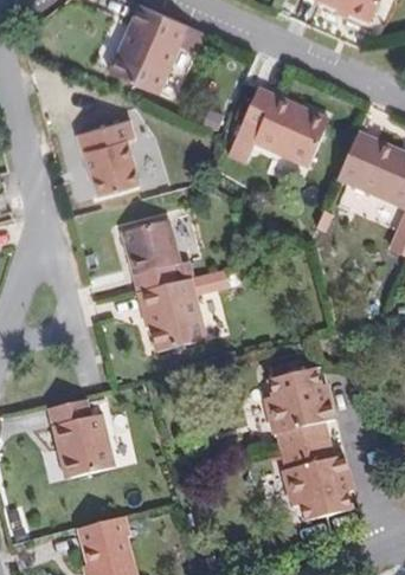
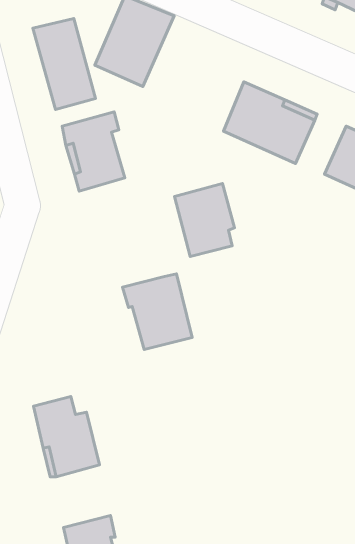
building: none -> [33,19,96,110]
building: [123,219,182,291] -> [174,183,235,257]
building: [259,368,355,525] -> none

